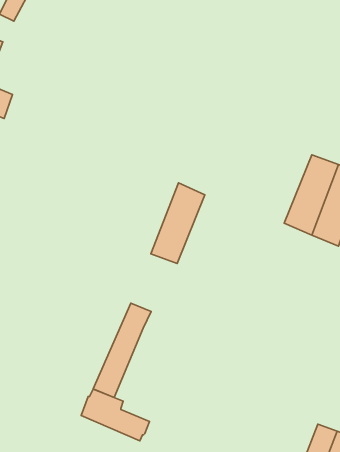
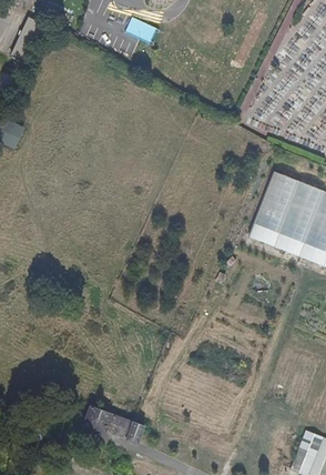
building: [151,183,205,263] -> [248,170,298,244]
building: [93,303,151,398] -> none

